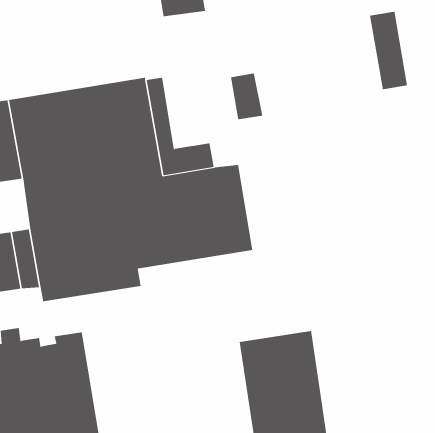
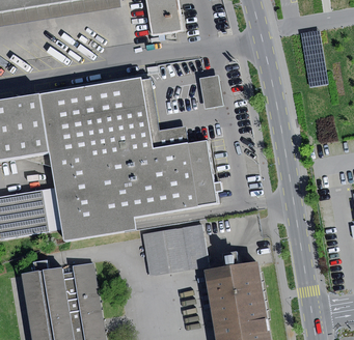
building: none -> [142,225,208,274]

